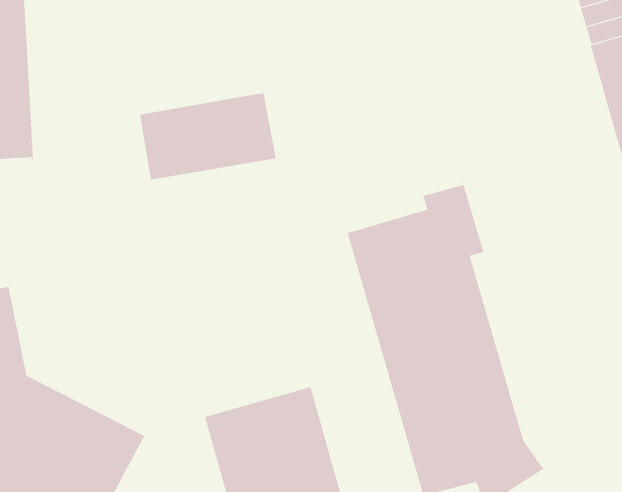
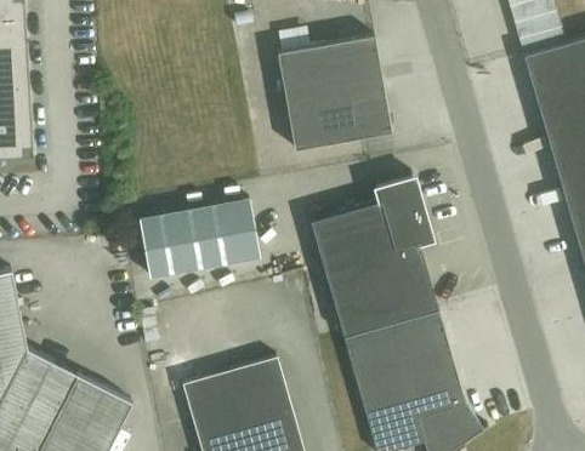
building: none -> [277,34,391,149]
building: [139,92,277,180] -> [140,199,261,276]

